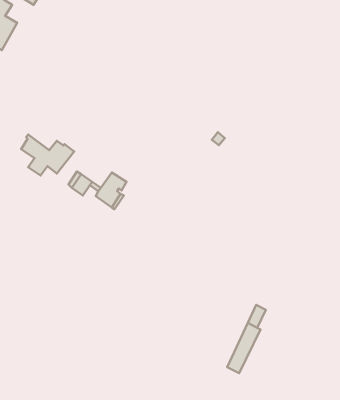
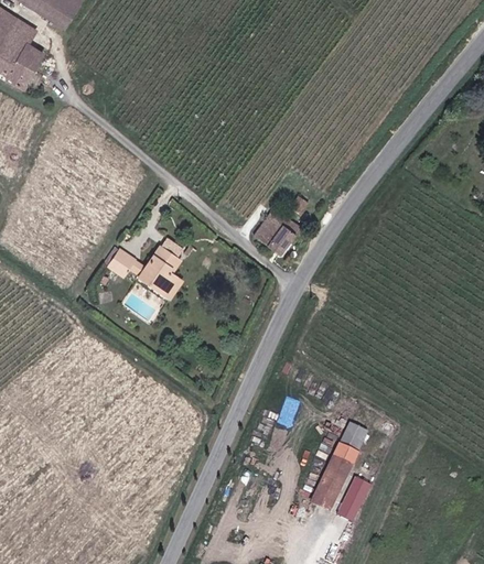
building: [21,135,74,176] -> none
building: none -> [255,212,303,254]
building: none -> [337,474,370,521]

